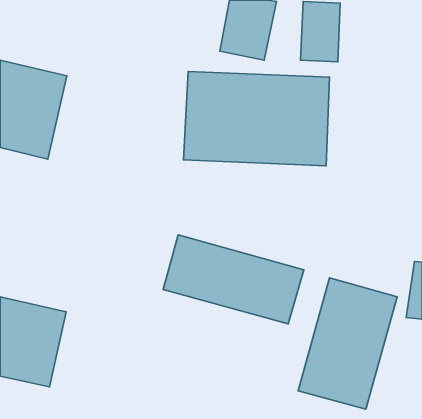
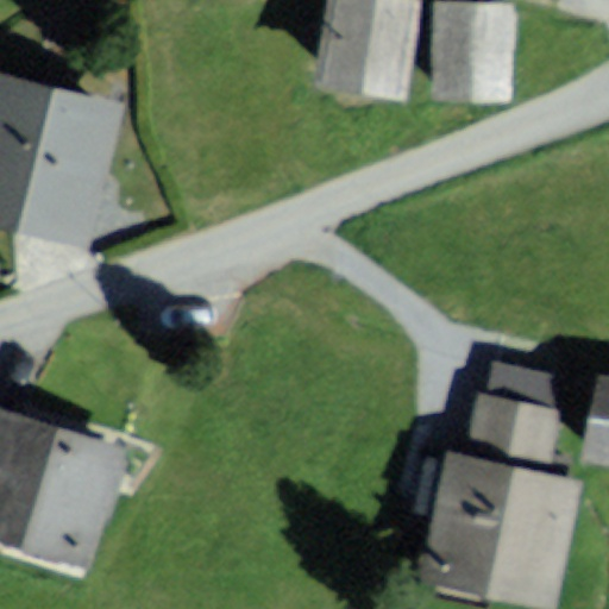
building: [184,71,330,166] -> none
building: [163,235,304,324] -> none

